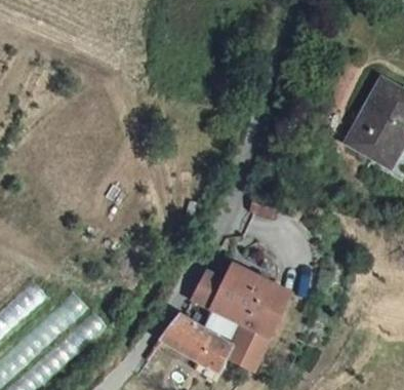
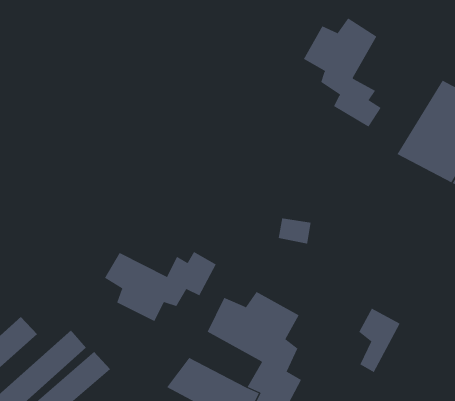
building: none -> [303,18,382,127]
building: none -> [104,251,216,322]
building: [255,281,291,337] -> [358,308,400,373]

